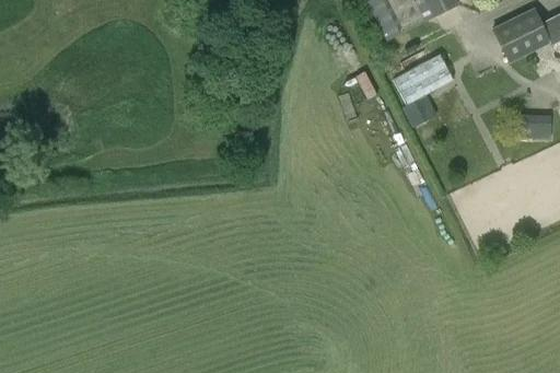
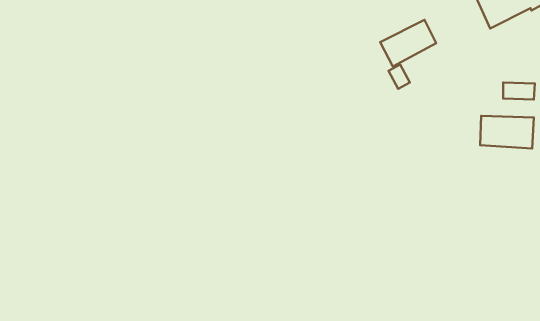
building: none -> [480,116,534,149]

